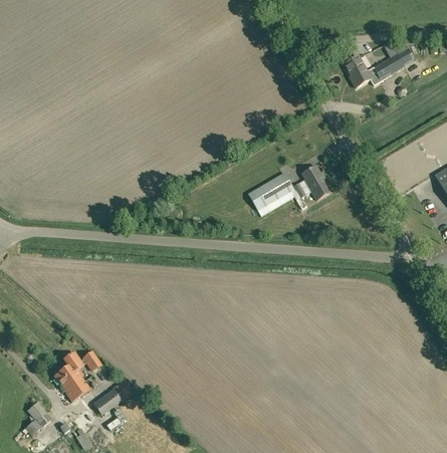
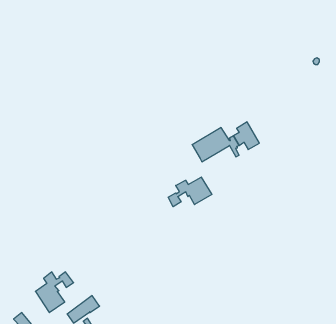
building: [345,40,416,86] -> none
building: none -> [168,177,212,207]

